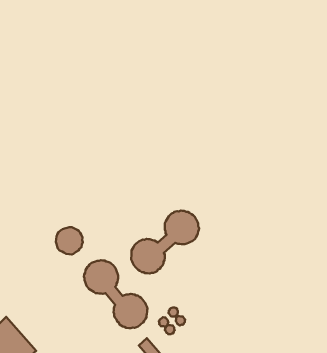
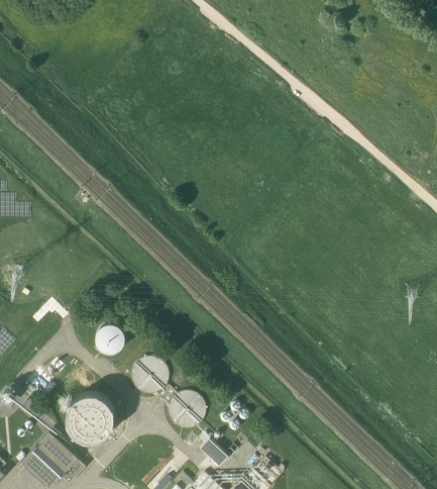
building: [131,211,199,273] -> none
building: none -> [66,392,114,439]

